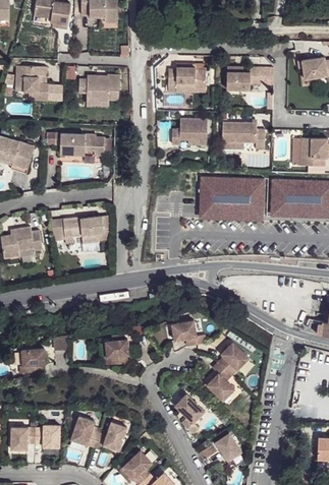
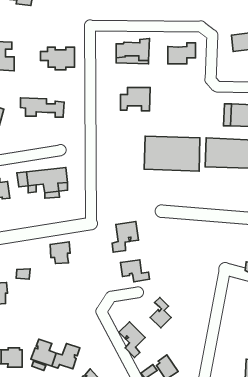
building: [225,124,267,151] -> none
building: none -> [112,222,139,252]
building: [103,335,126,360] -> [50,242,70,264]
building: [219,346,246,376] -> none

